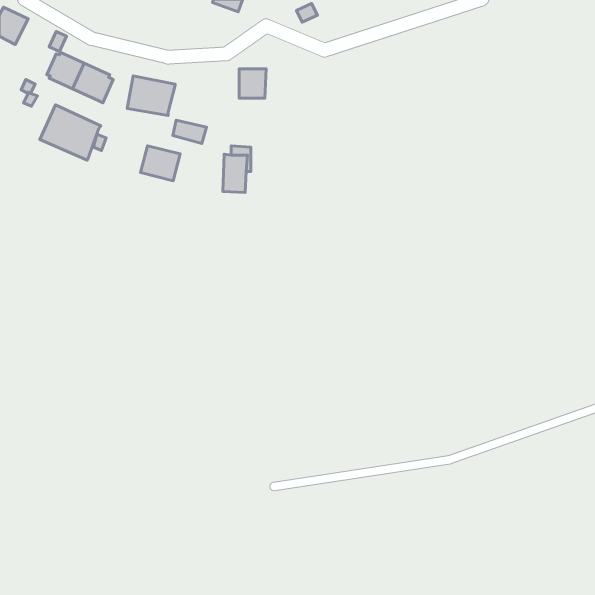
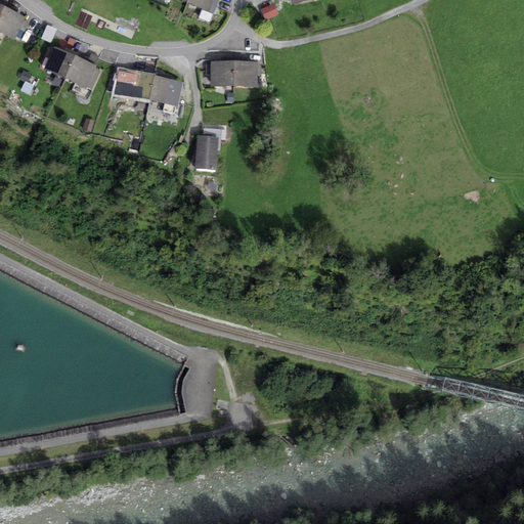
building: none -> [232,60,256,86]
building: [40,105,101,160] -> none
building: [140,146,180,181] -> [147,75,182,105]

